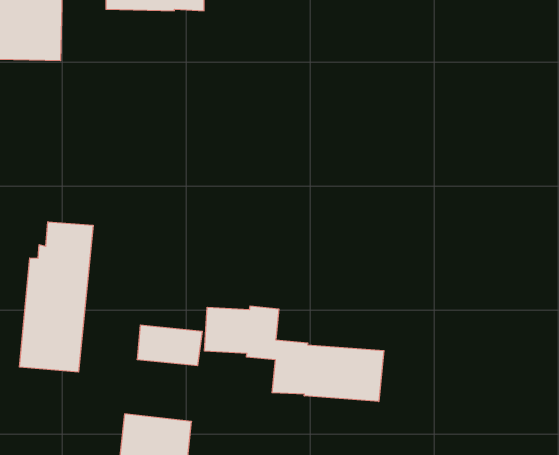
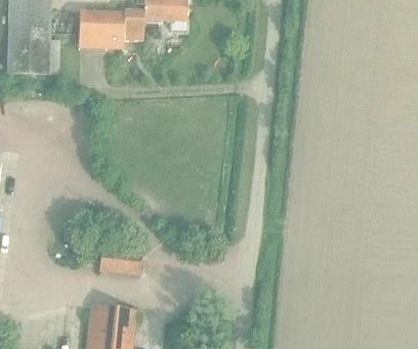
building: [20,222,93,372] -> none
building: [205,306,384,402] -> none

